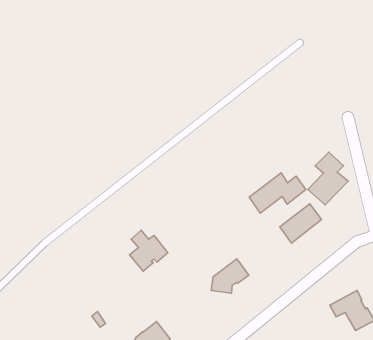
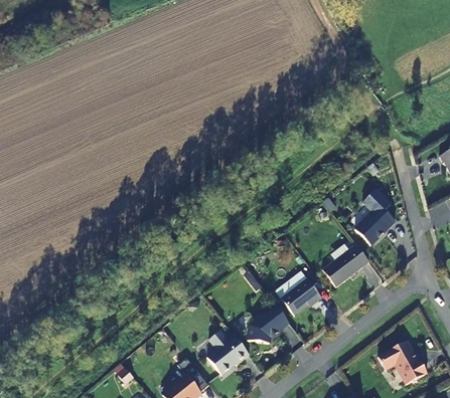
building: [249,173,306,213] -> none
building: [129,230,168,271] -> [206,330,249,375]
building: none -> [281,278,321,315]

